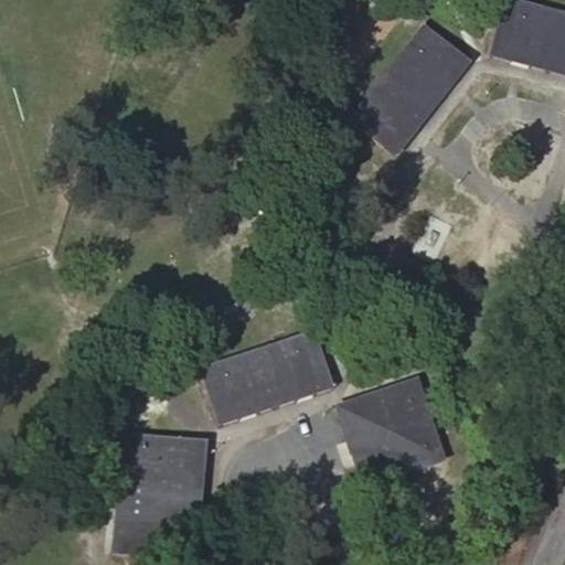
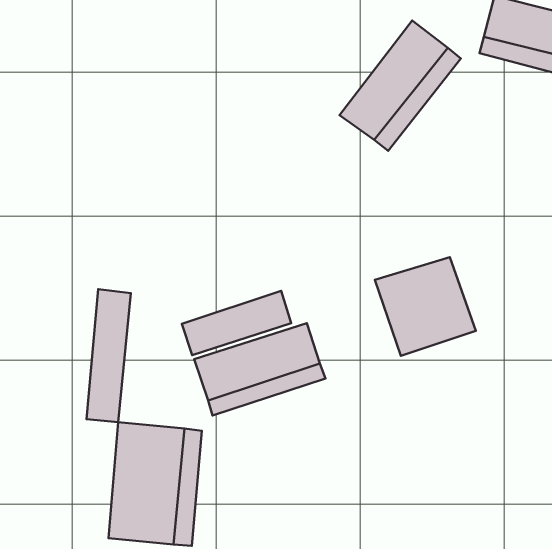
building: none -> [87,289,131,422]
building: none -> [182,291,291,355]
building: [340,381,443,481] -> [375,257,476,356]

